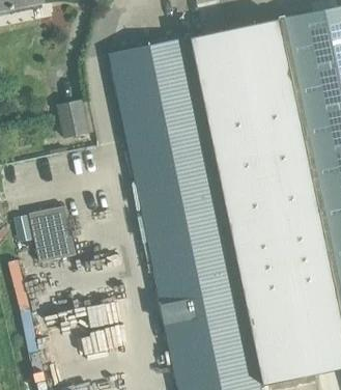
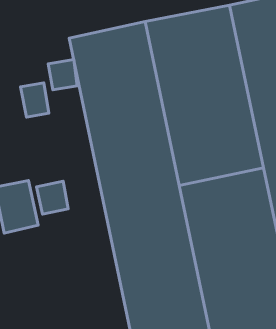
building: none -> [48,60,77,90]
building: none -> [37,181,68,214]

